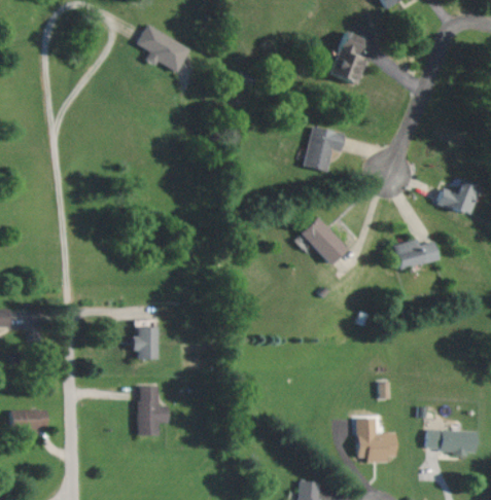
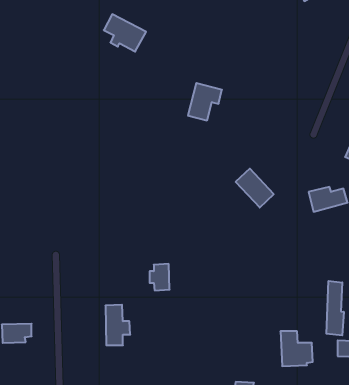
building: [326,30,365,84] -> none
building: [304,126,346,172] -> [188,83,222,120]
building: [130,326,154,359] -> [150,264,170,290]
building: none -> [326,281,344,335]

